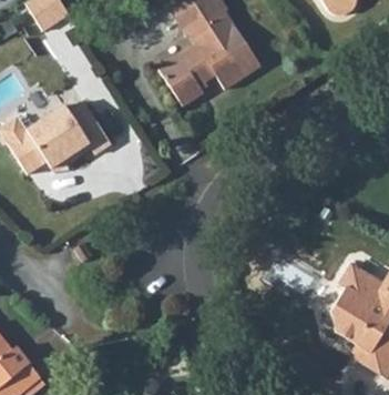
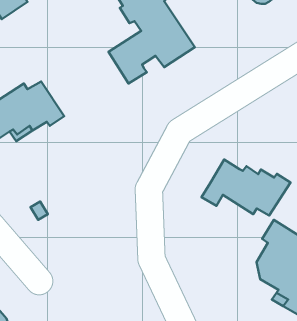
building: none -> [201,159,290,216]

